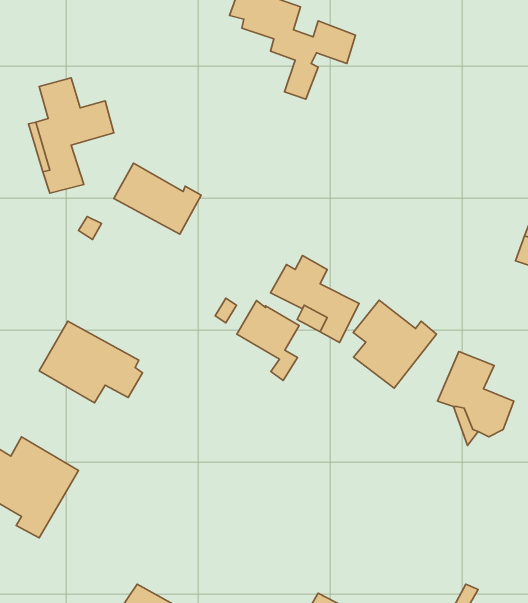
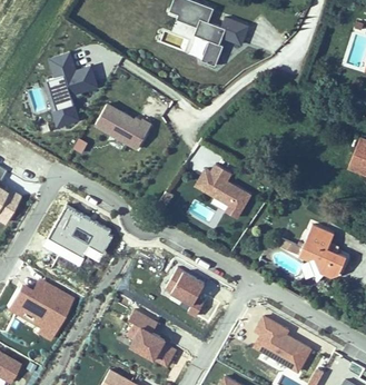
building: [353,300,437,388] -> none
building: [237,300,299,380] -> [167,267,206,317]
building: none -> [128,309,177,367]
building: none -> [254,316,314,374]

